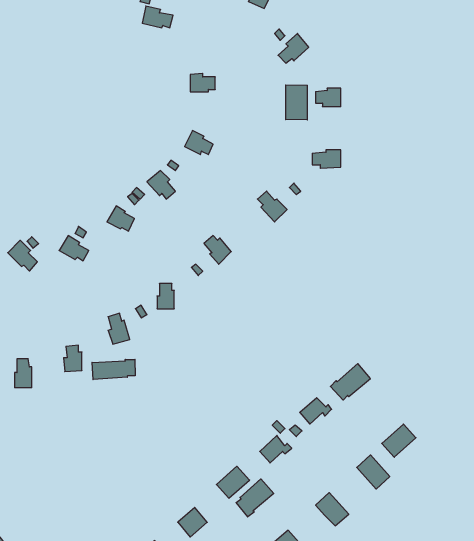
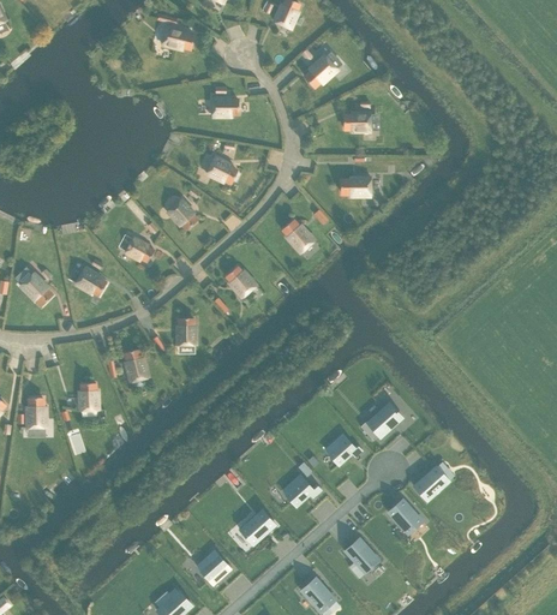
building: [286,85,307,120] -> none
building: [92,359,135,380] -> none
building: [236,479,274,517] -> none

